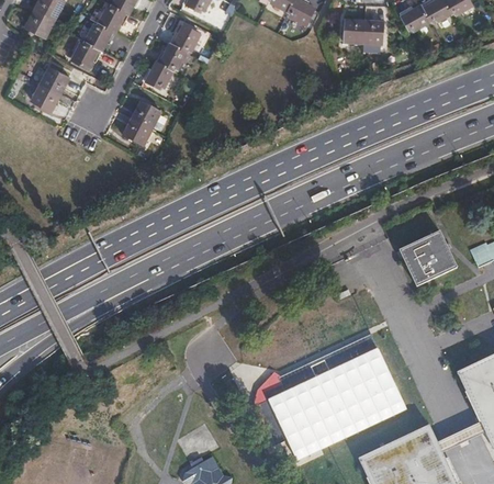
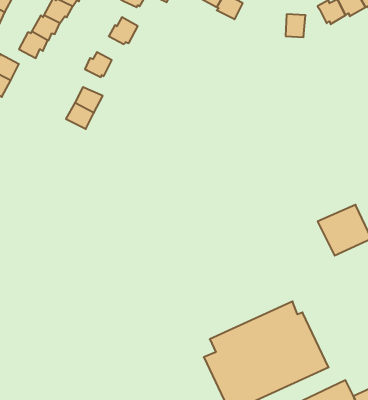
building: [343,20,363,45] -> none
building: [155,45,184,71] -> none

